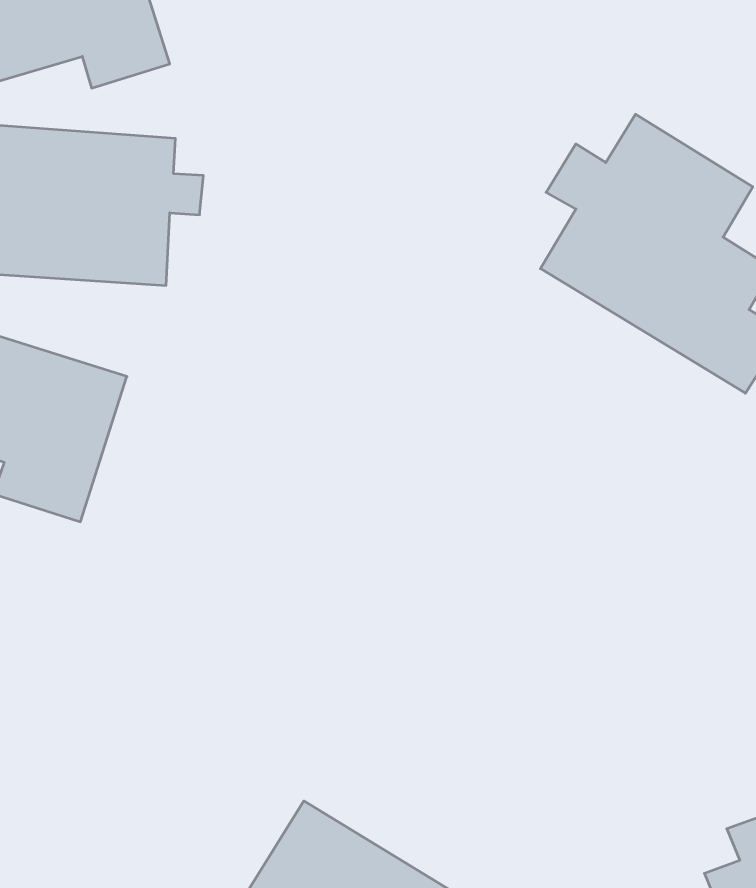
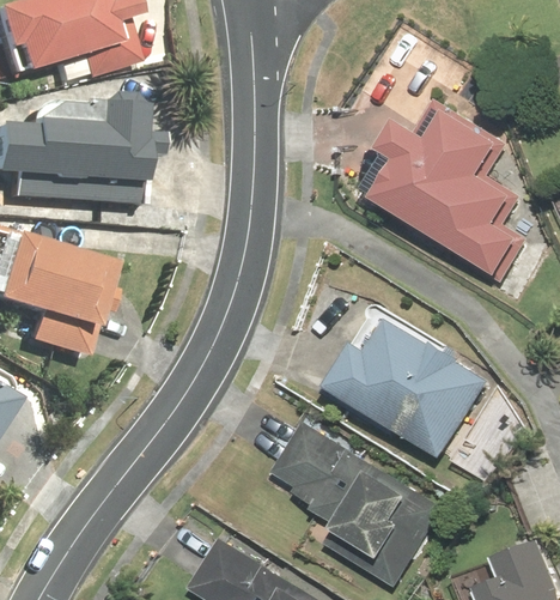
building: none -> [325,319,487,455]
building: none -> [267,419,444,587]

